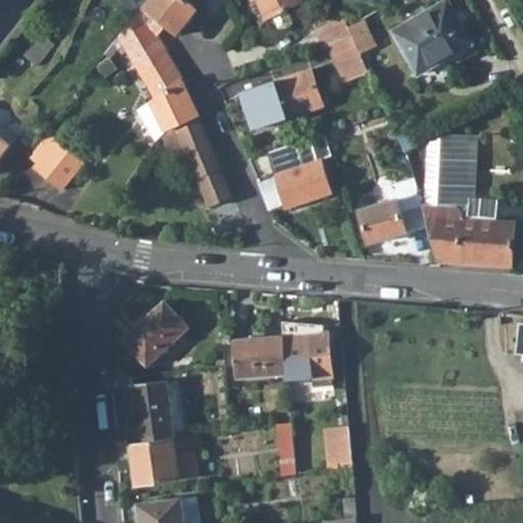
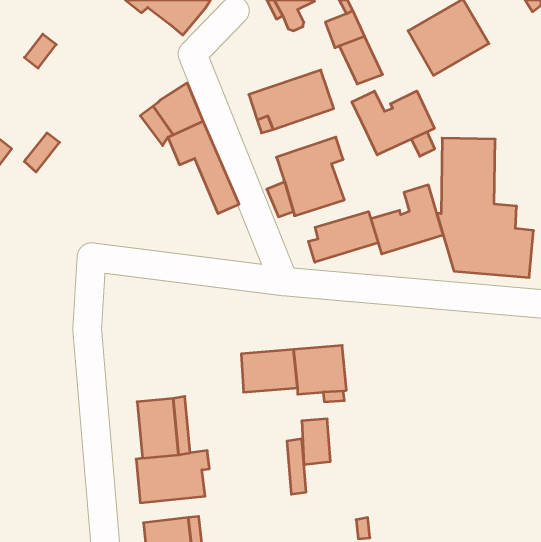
building: [117,8,180,97] -> none
building: none -> [352,91,434,155]
building: [35,138,86,188] -> none
building: none -> [308,212,378,262]
building: [121,301,188,367] -> none
building: [324,427,351,471] -> [302,419,330,465]

